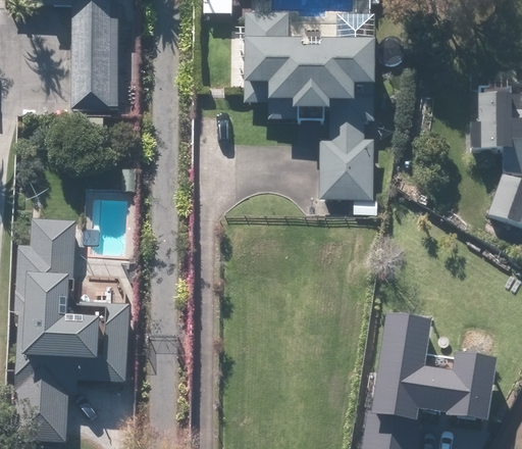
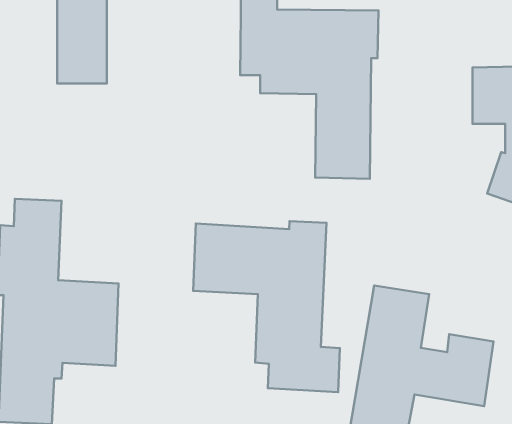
building: none -> [193,221,340,392]

